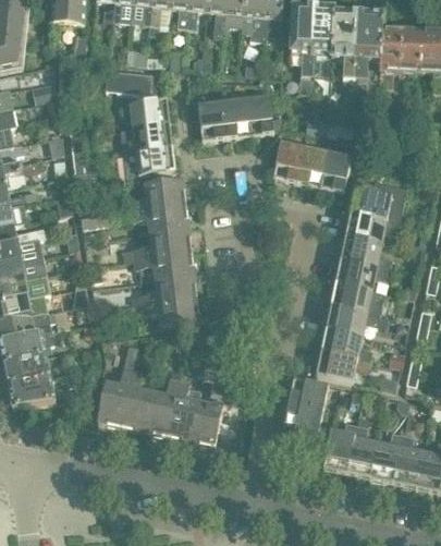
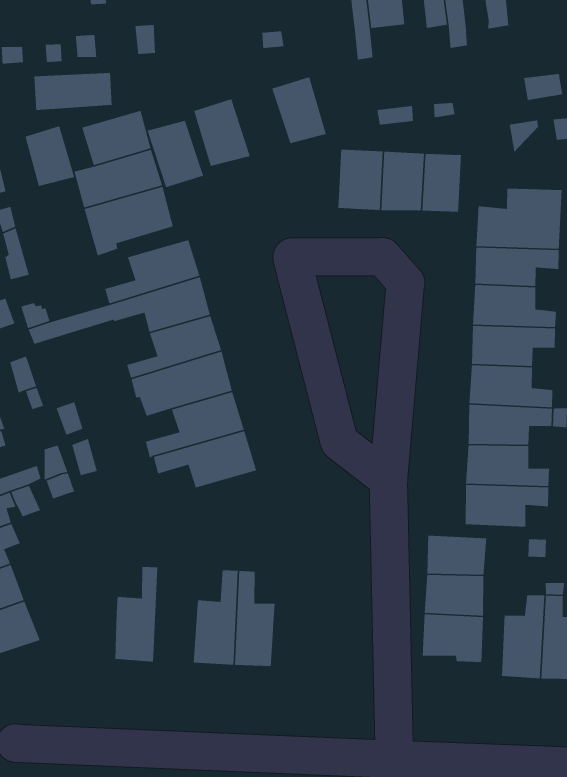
building: [221,97,250,135] -> [146,120,204,188]
building: none -> [25,125,75,187]
building: [188,365,234,442] -> none
building: [120,367,151,427] -> none

